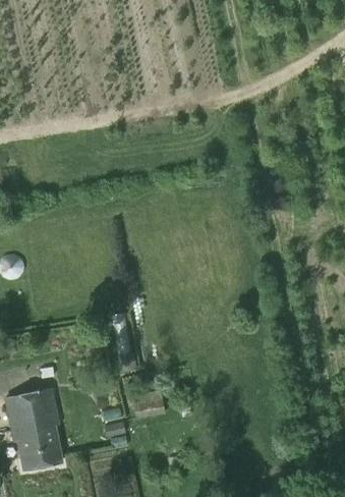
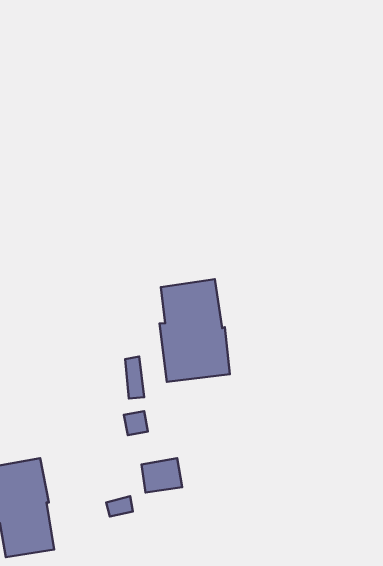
building: none -> [160,279,230,382]

